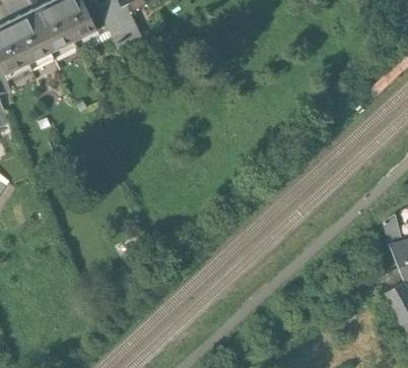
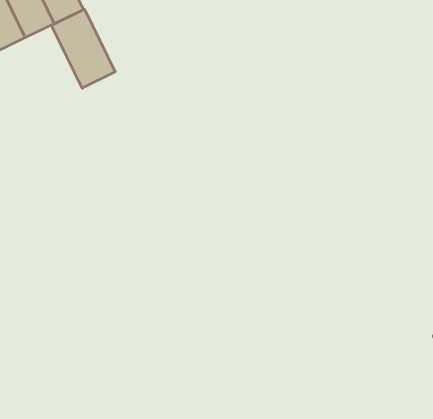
building: none -> [52,9,115,88]

